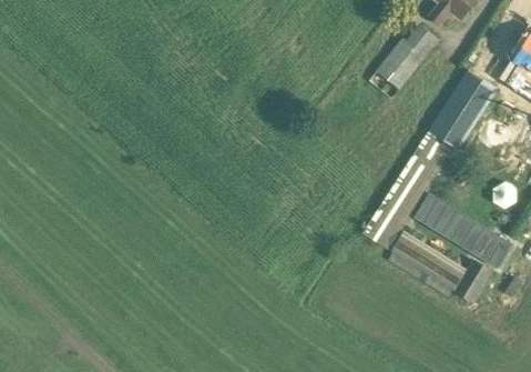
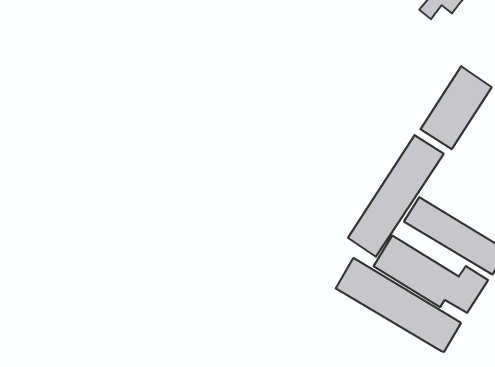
building: [376,23,439,89] -> none
building: none -> [336,258,461,352]

